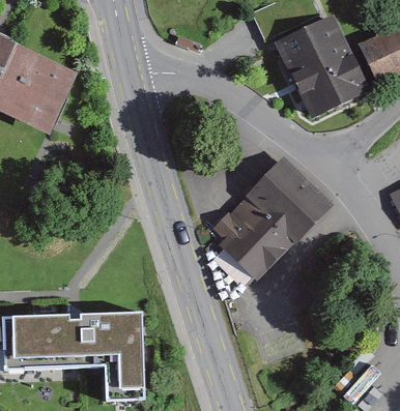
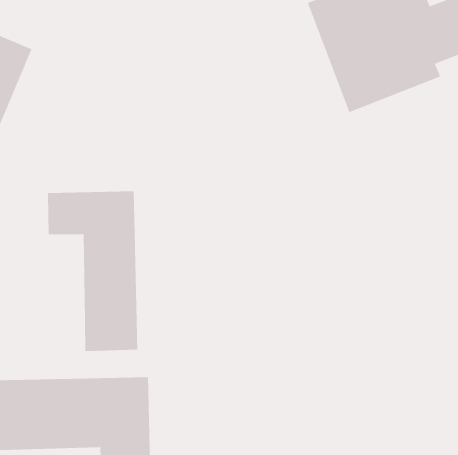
building: [208,157,327,288] -> none
building: none -> [47,191,138,352]

